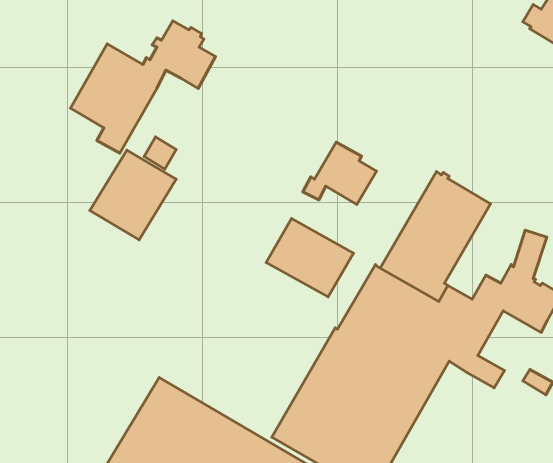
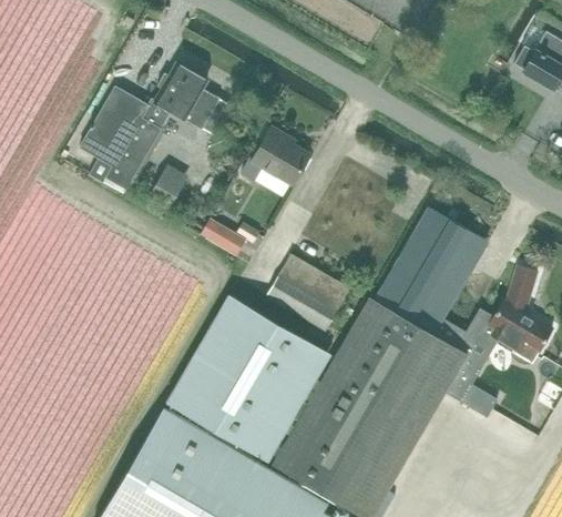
building: [303,142,377,204] -> [239,126,310,186]
building: [90,150,176,240] -> none
building: none -> [204,221,259,256]
building: none -> [166,295,325,459]

